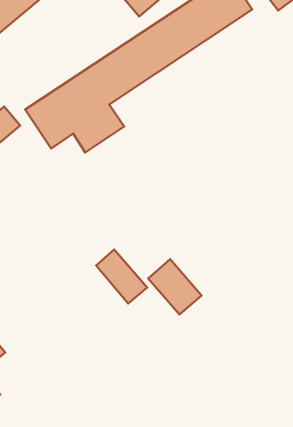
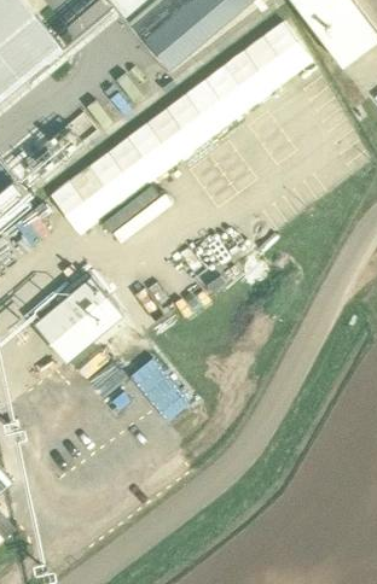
building: none -> [34,281,118,361]
building: [148,259,202,315] -> none

